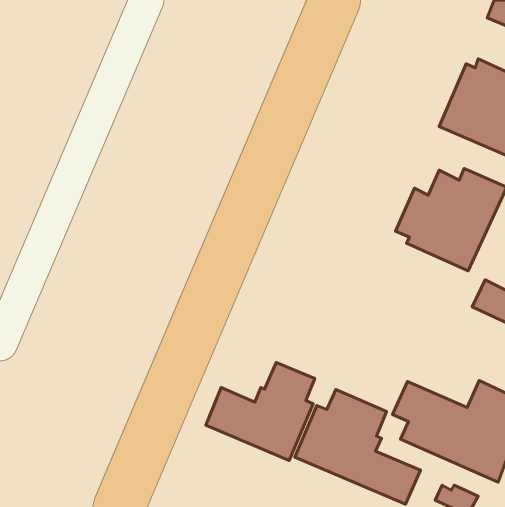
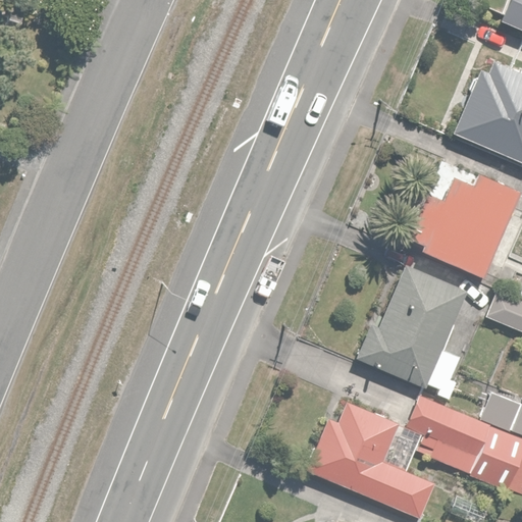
building: none -> [355,265,466,397]
building: [206,362,315,460] -> none

